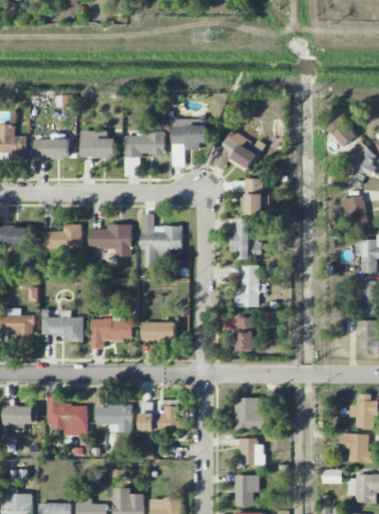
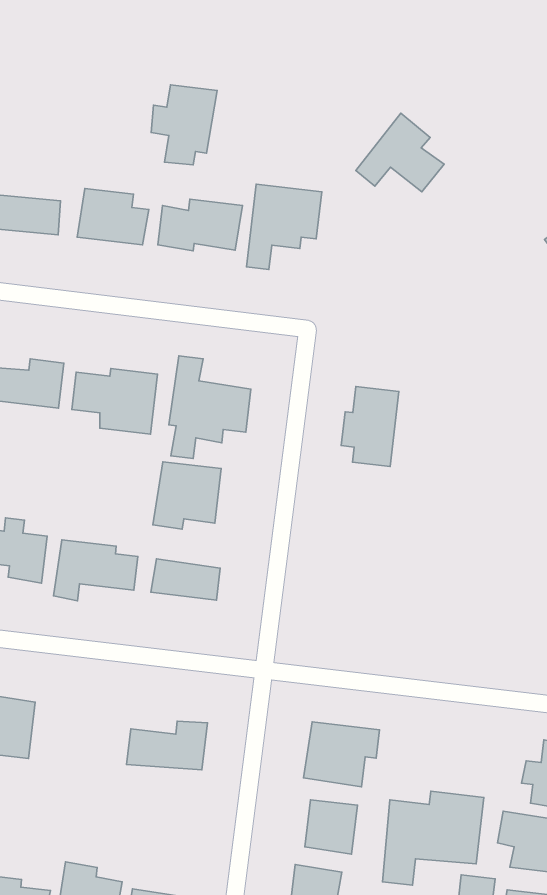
building: none -> [151,85,217,165]
building: [212,130,258,170] -> [356,113,444,192]
building: [244,179,263,215] -> none
building: [236,265,265,307] -> none
building: none -> [153,462,221,529]
building: [237,317,254,351] -> none
building: [96,406,131,433] -> none
building: none -> [382,791,484,885]

